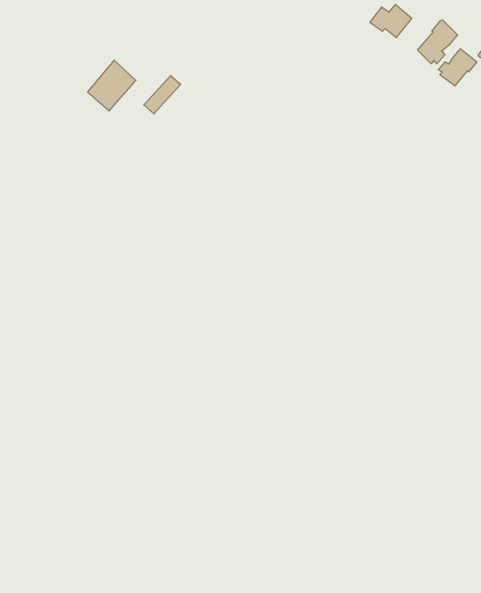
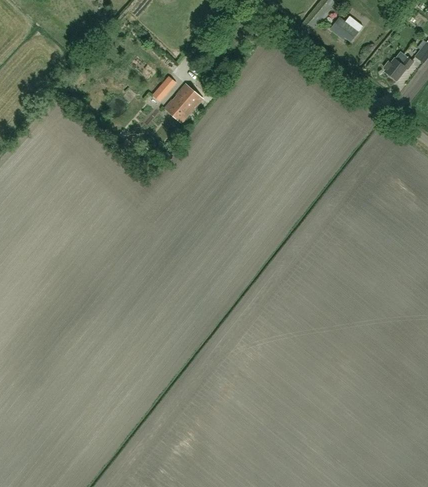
building: [418,20,458,64] -> none
building: [88,60,136,111] -> [164,83,202,123]

